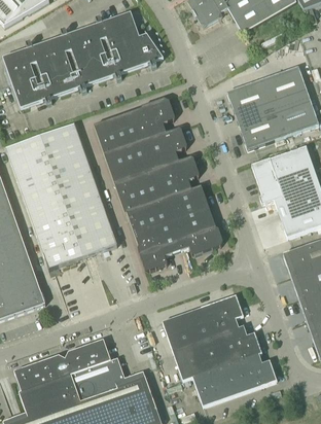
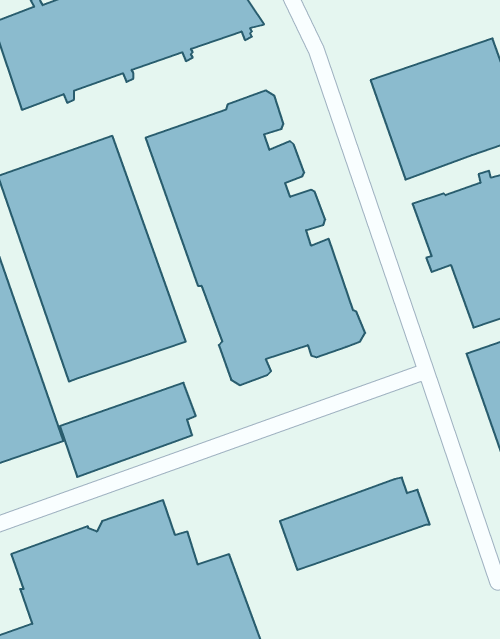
building: [163,295,243,351] -> [60,383,196,477]
building: [192,353,277,405] -> none

